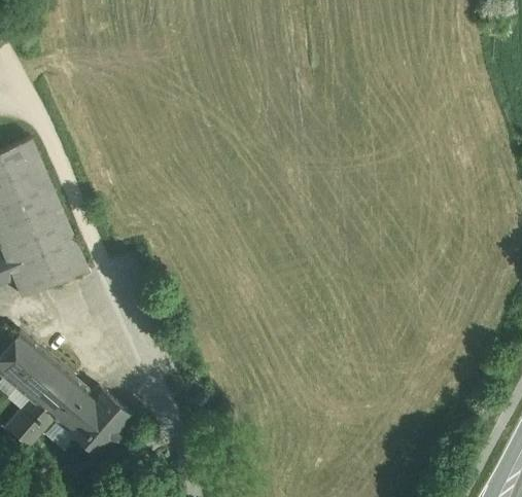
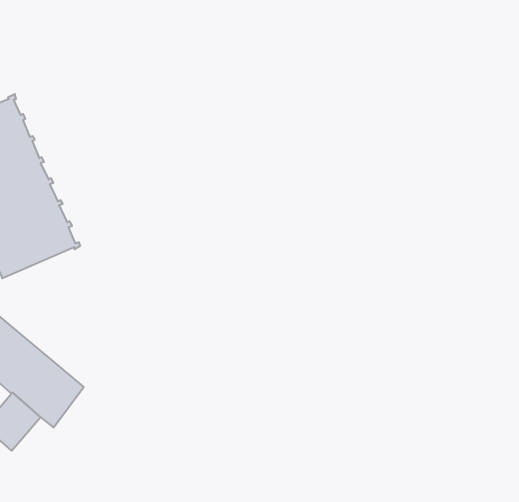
building: [65,389,133,459] -> none

